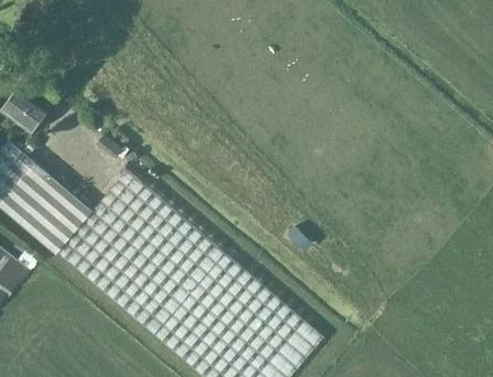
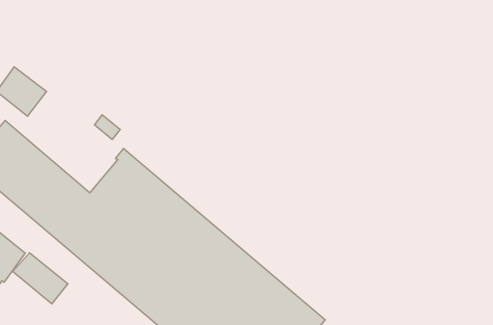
building: none -> [13,253,68,304]

